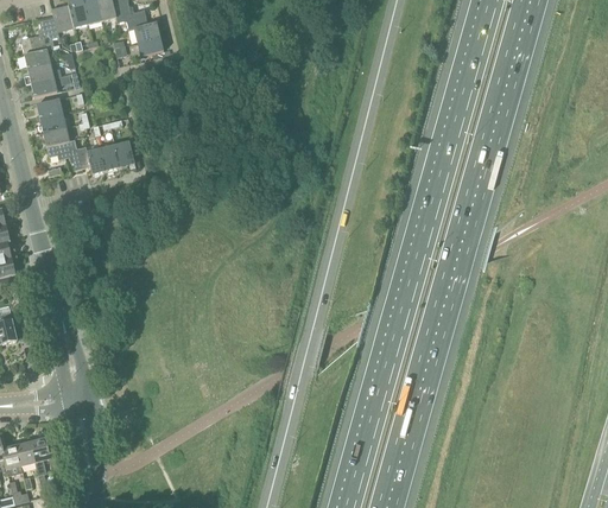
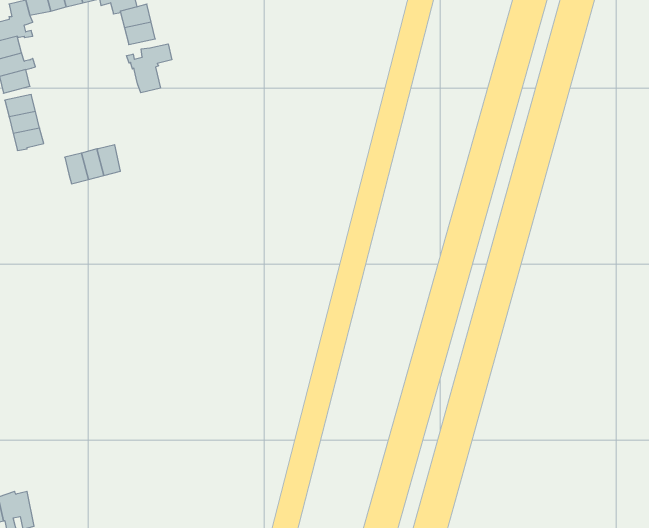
building: none -> [127,44,172,93]
building: [46,138,90,169] -> none

